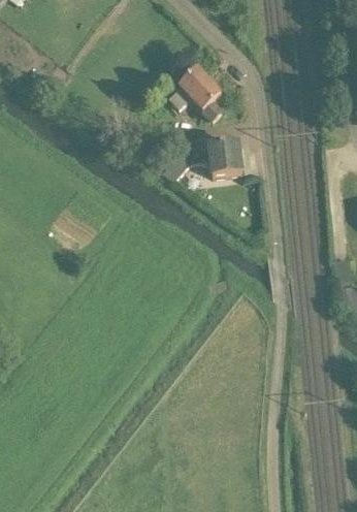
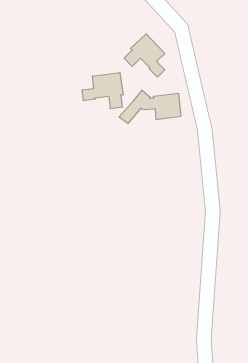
building: none -> [82,72,123,109]

